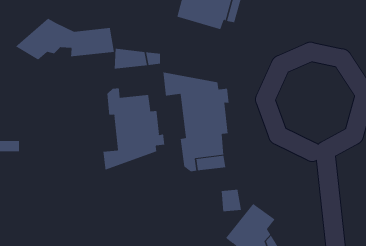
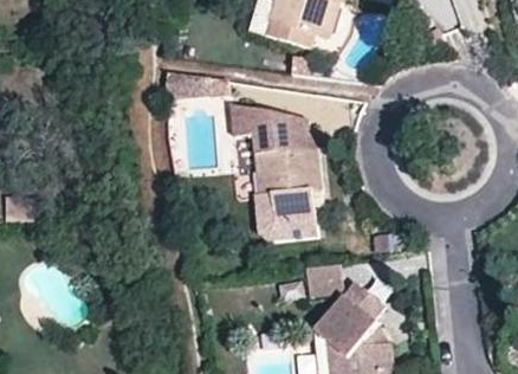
building: [15,18,114,61] -> none
building: [103,87,165,171] -> none

